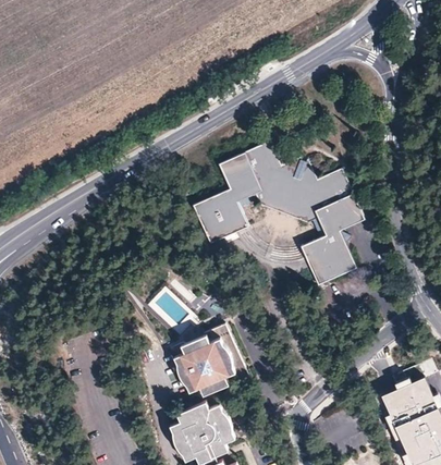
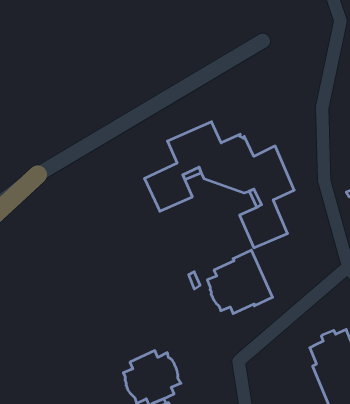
building: [174,322,248,394] -> [207,250,273,314]

